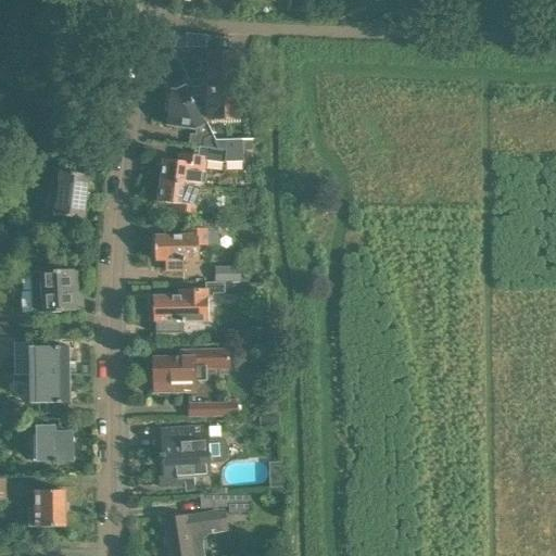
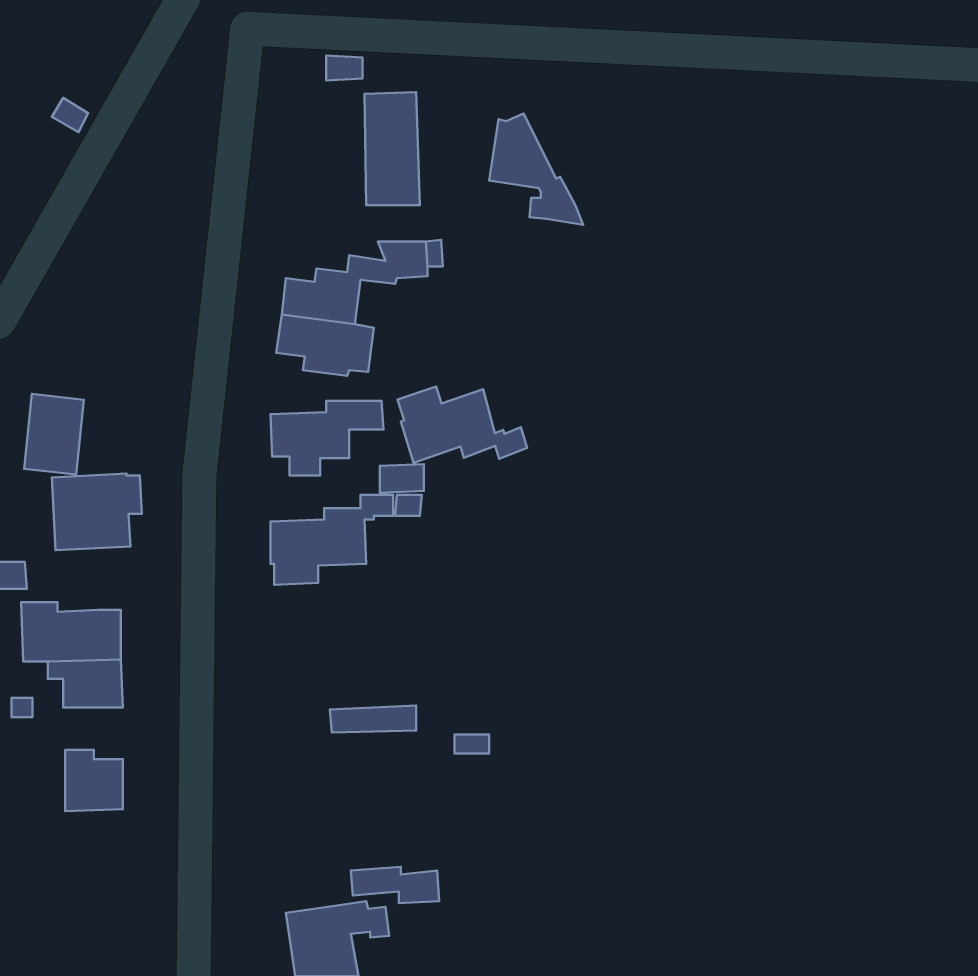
building: [165,85,218,148] -> [489,113,583,225]
building: [53,172,87,217] -> [24,394,84,474]
building: none -> [398,386,527,463]
building: [152,348,228,391] -> none
building: [159,425,225,495] -> none
building: [26,489,64,526] -> none

